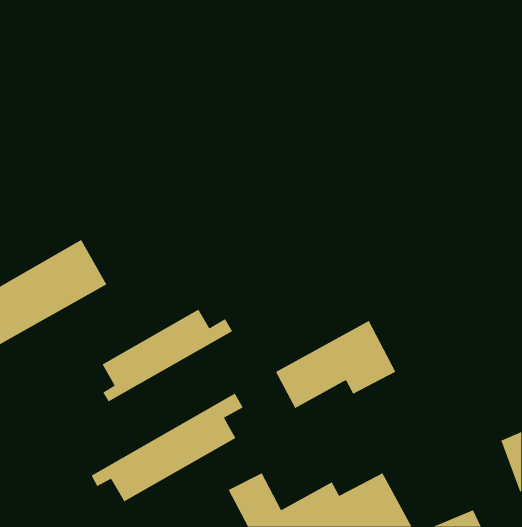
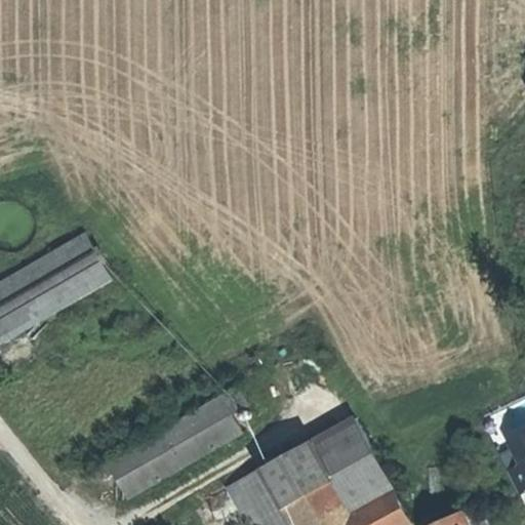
building: [102,309,233,402] -> none
building: [275,320,396,409] -> [260,418,380,507]

